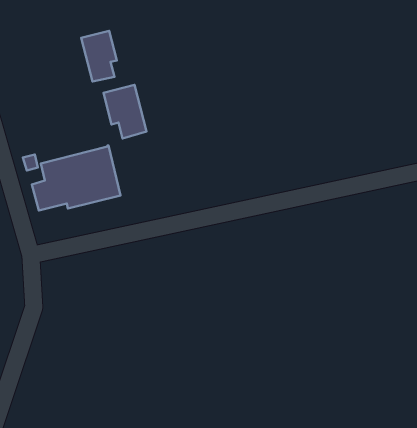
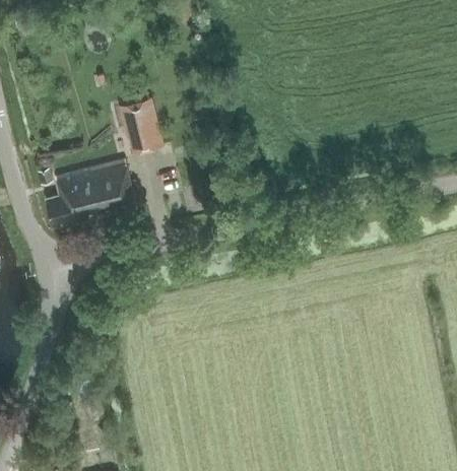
building: [81,31,117,82] -> none

